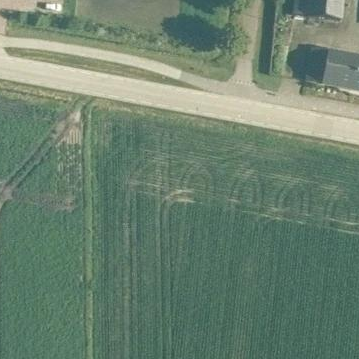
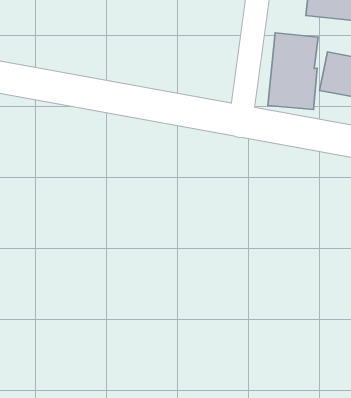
building: none -> [268,33,318,110]

